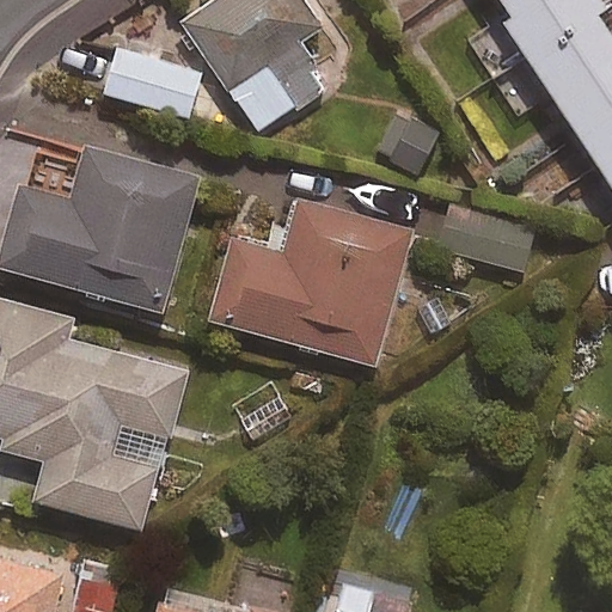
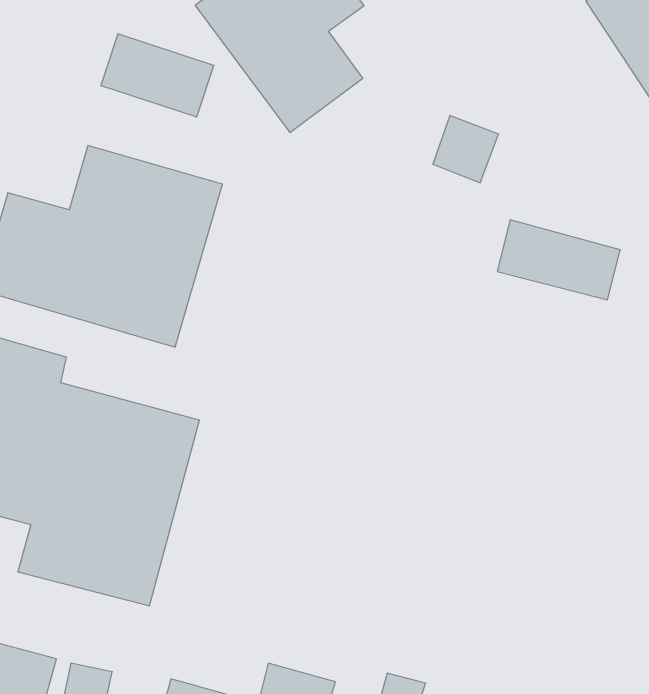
building: [210,200,412,365] -> none

